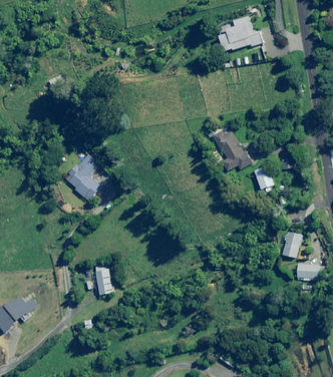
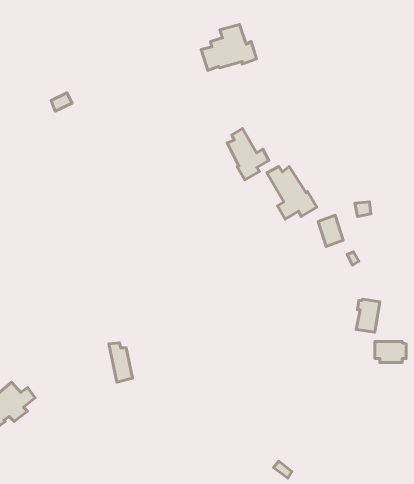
building: [219,16,261,51] -> [201,25,257,71]
building: none -> [227,129,269,180]
building: [65,153,99,201] -> none

